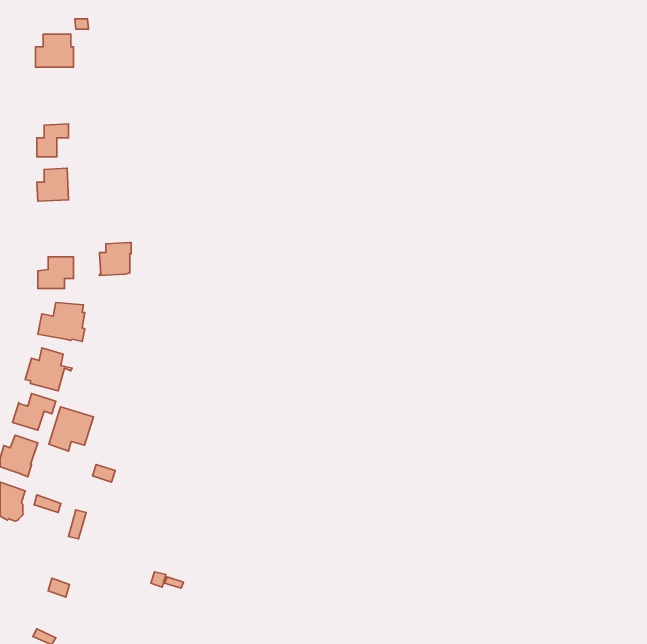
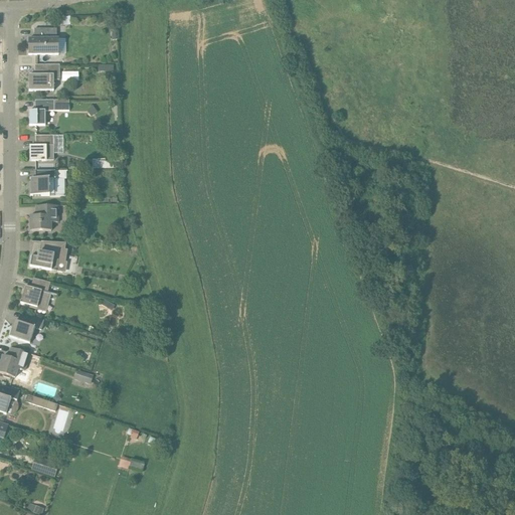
building: none -> [29,63,60,90]
building: [99,242,131,275] -> [30,169,55,195]
building: [49,407,94,451] -> none

